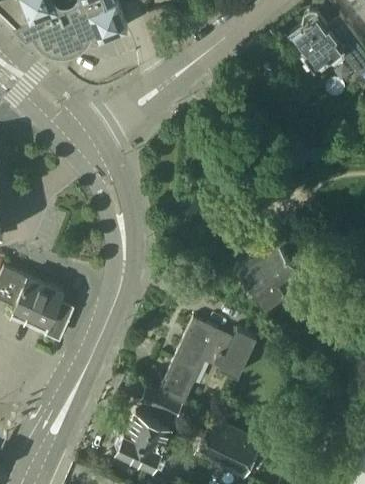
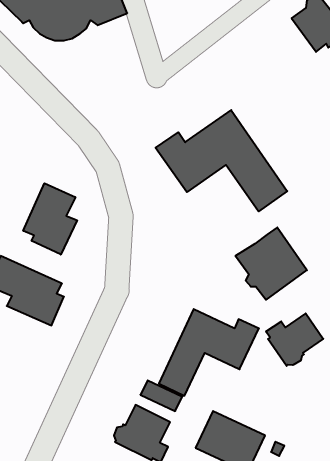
building: none -> [156,110,287,211]
building: none -> [23,183,77,255]
building: none -> [266,313,323,366]

